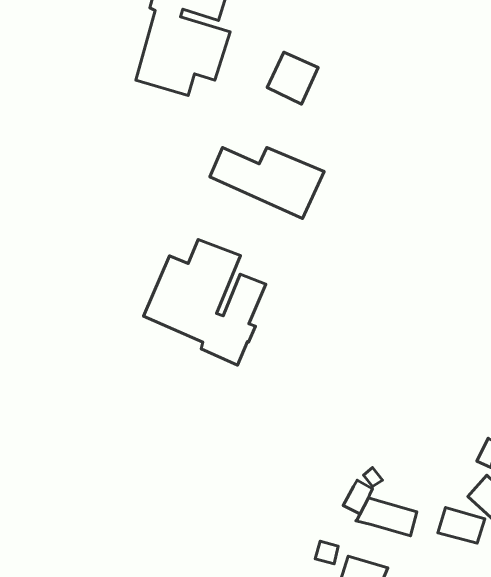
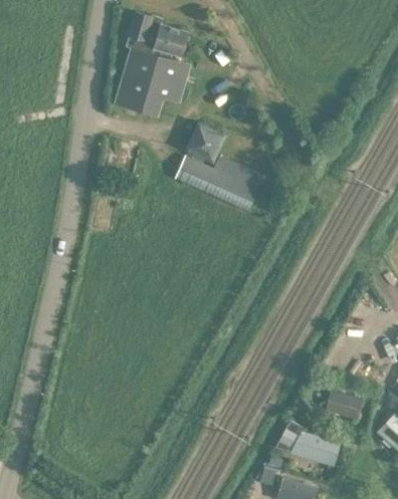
building: [267,52,318,104] -> [186,123,226,165]
building: [144,240,266,365] -> none
building: [438,508,485,543] -> [325,391,362,419]

